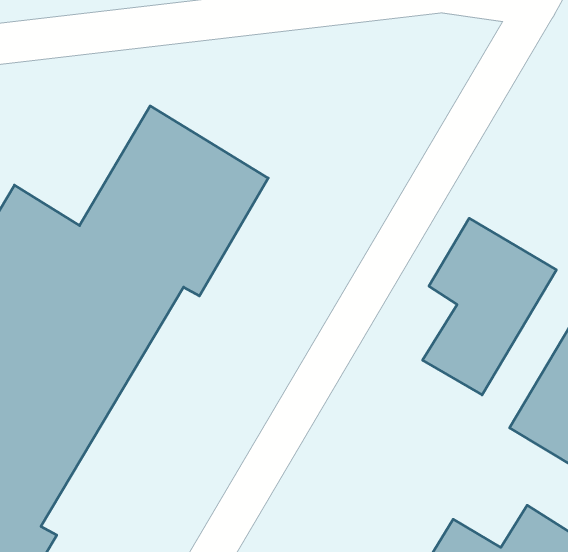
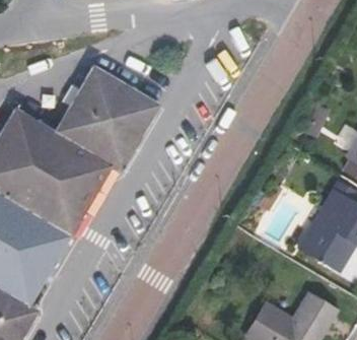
building: [423,218,556,395] -> none

